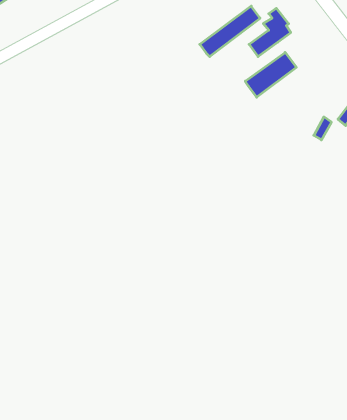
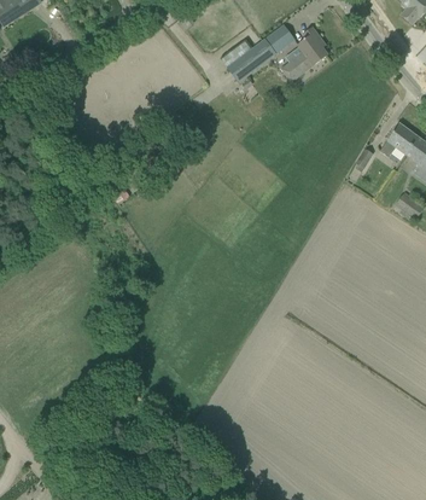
building: [245,52,296,97] -> none

